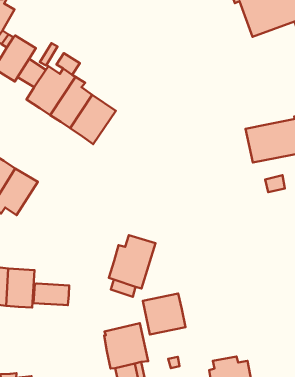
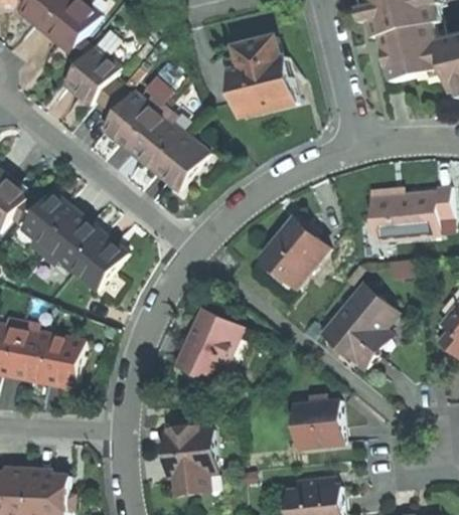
building: none -> [230,38,297,117]
building: none -> [259,219,326,287]
building: none -> [71,232,128,291]
building: none -> [322,284,397,367]
building: [34,284,69,305] -> none
building: [143,293,185,335] -> [292,400,341,448]

